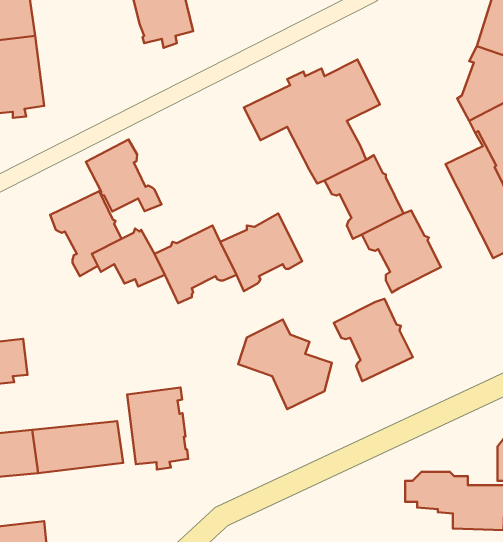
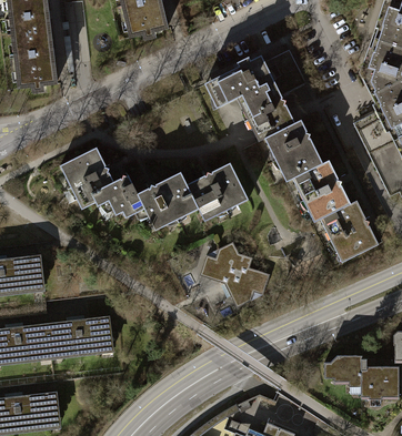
building: [86,140,161,212] -> none
building: [334,299,413,381] -> [320,201,379,262]
building: [127,388,188,470] -> none

